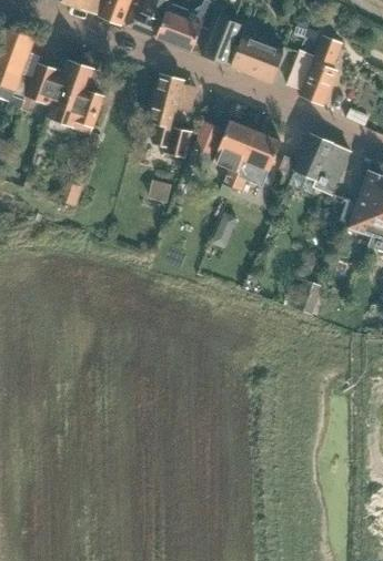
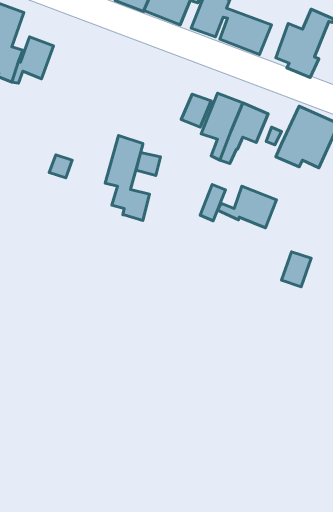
building: [49,60,103,126] -> none
building: [147,72,191,157] -> [105,136,149,220]
building: none -> [217,186,277,228]

